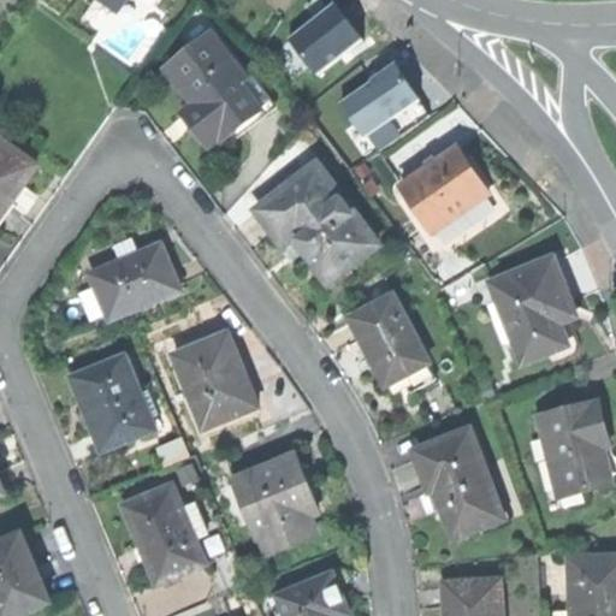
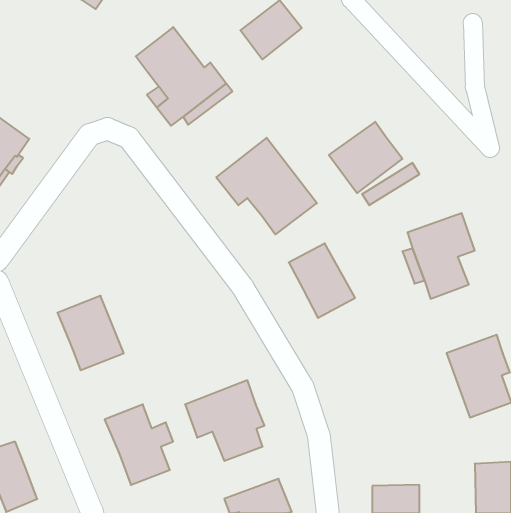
building: [339,60,421,135] -> none
building: [91,243,176,313] -> none
building: [172,334,249,422] -> none
building: [410,427,504,537] -> none

